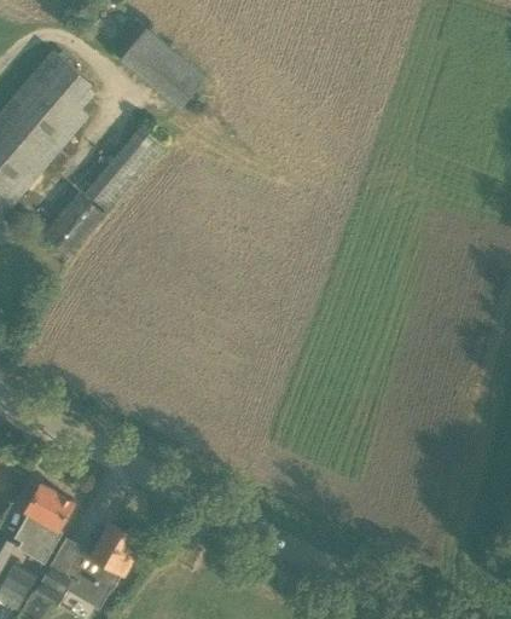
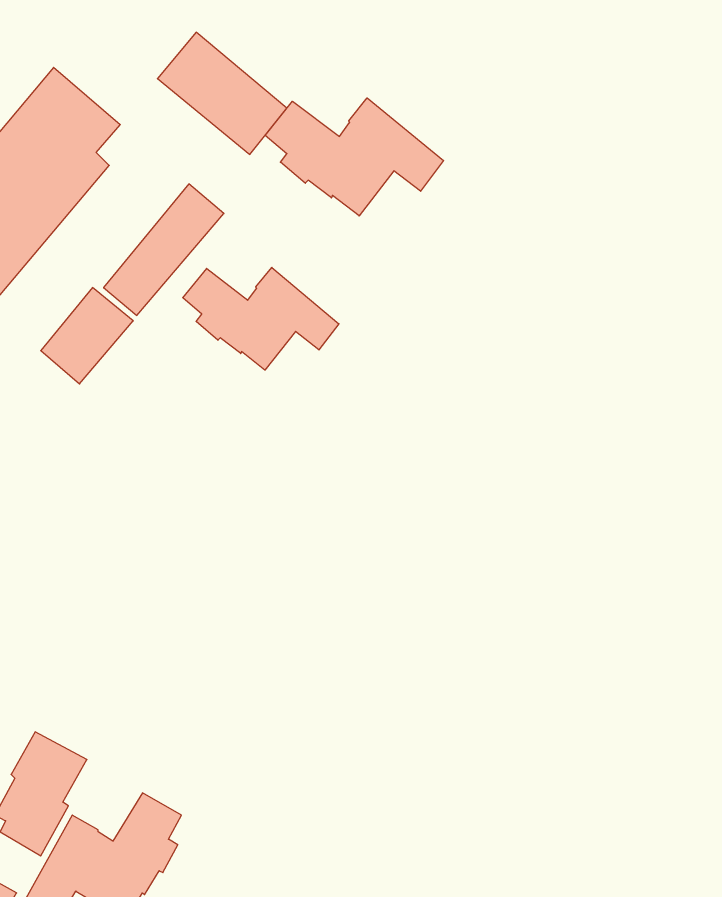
building: none -> [265,98,444,216]
building: none -> [183,267,339,370]

